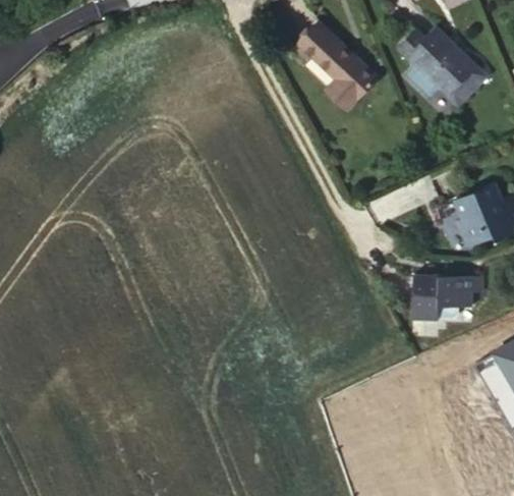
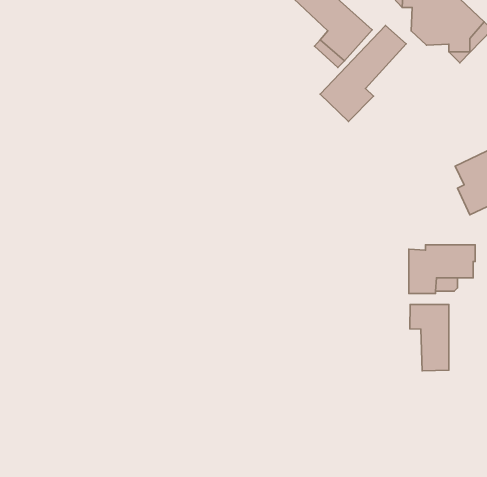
building: none -> [320,25,406,122]
building: none -> [410,305,449,371]

